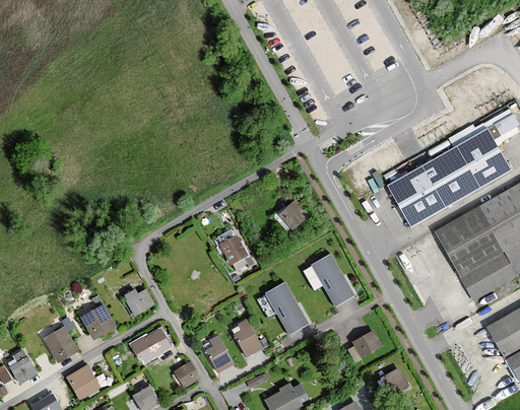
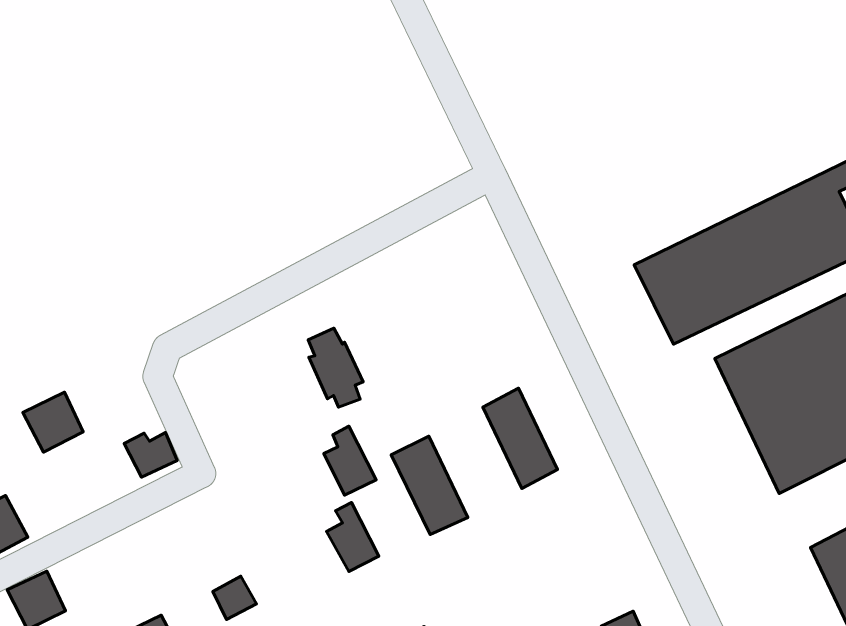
building: [278,200,310,230] -> none
building: [81,305,114,338] -> [23,392,83,452]
building: [132,328,171,360] -> none
building: [345,330,382,364] -> none
building: [205,336,234,372] -> [324,426,376,495]

